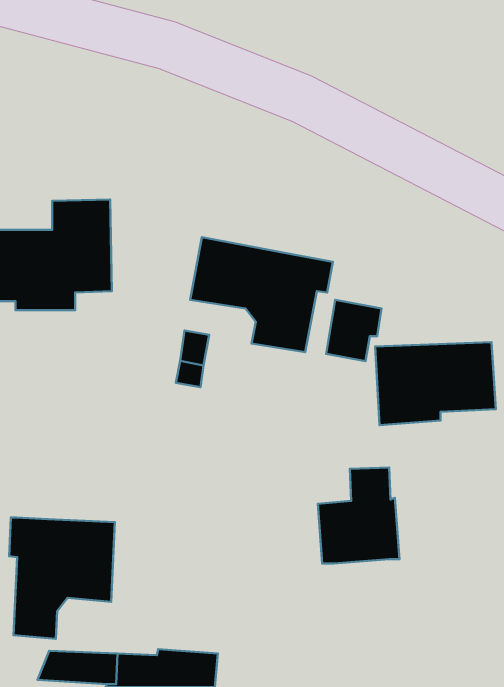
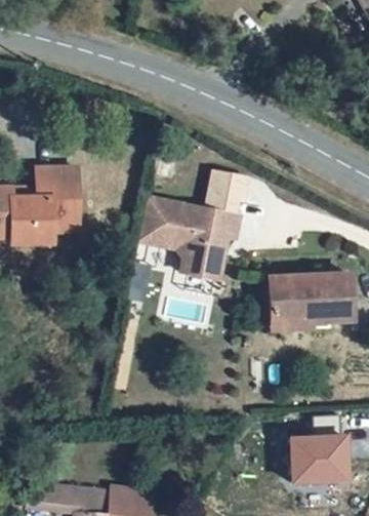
building: [326,300,382,361] -> [205,170,244,213]
building: [318,467,399,563] -> [294,412,352,480]
building: [9,517,115,639] -> none

